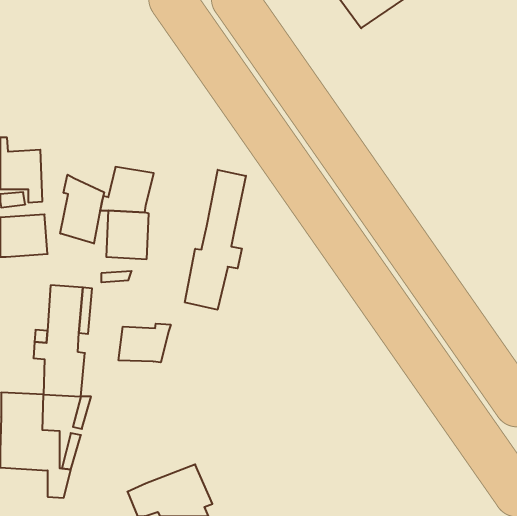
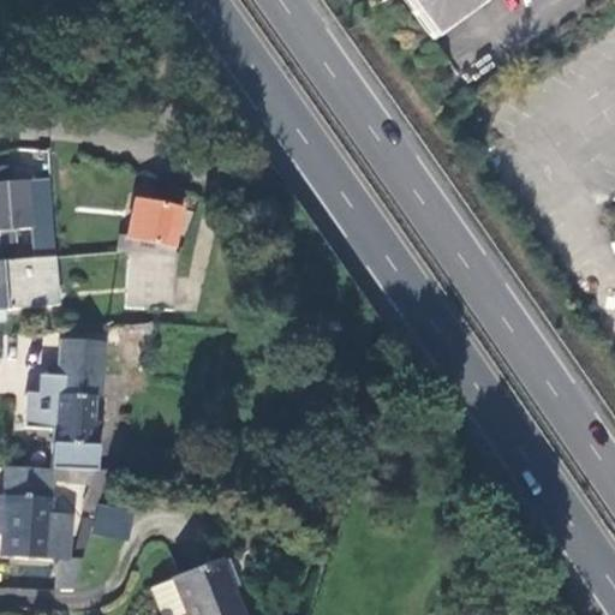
building: [185,170,246,310] -> none
building: [60,175,104,244] -> none
building: [119,324,171,362] -> none

